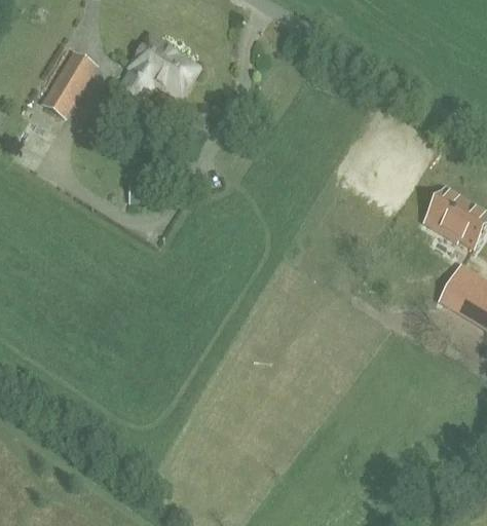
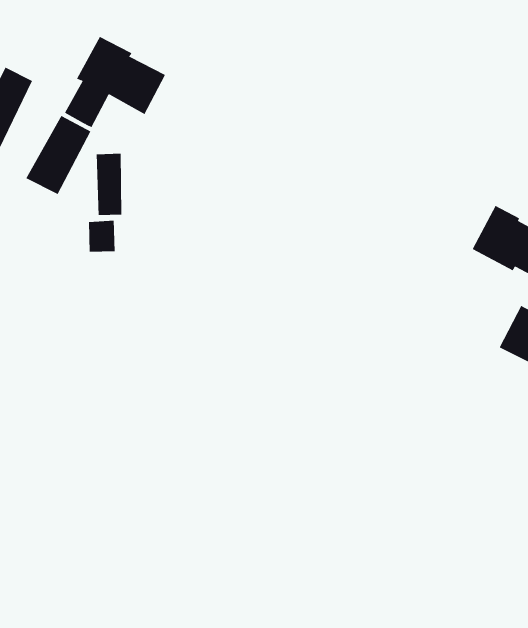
building: none -> [26,115,91,195]
building: none -> [96,153,122,216]

